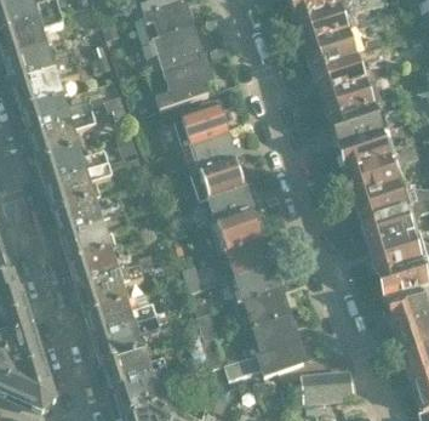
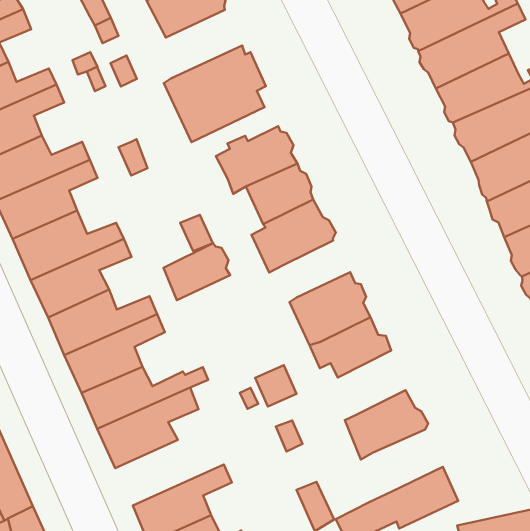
building: [147,28,199,68] -> none
building: [208,184,251,218] -> [163,243,230,300]
building: [228,260,278,301] -> none
building: [85,301,155,340] -> none
building: [244,313,296,355] -> none

